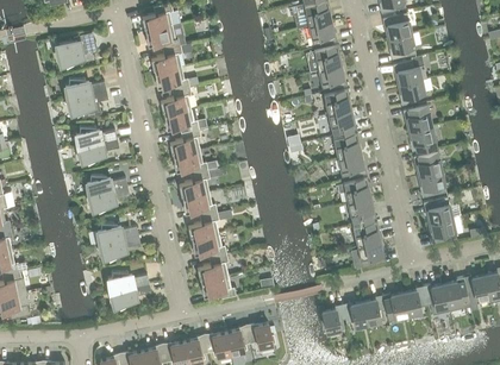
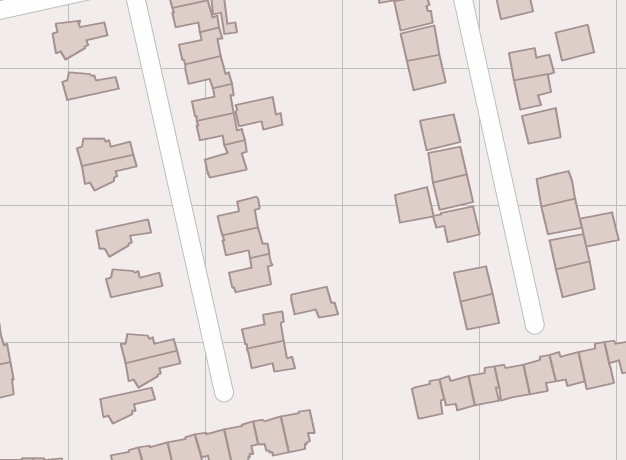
building: [387,33,415,59] -> [555,25,594,60]
building: [323,88,352,114] -> none
building: [68,90,108,118] -> none
building: [407,126,436,151] -> [580,212,619,246]
building: [173,150,207,174] -> [236,97,283,129]
building: [86,175,127,195] -> none
building: [348,197,376,224] -> [395,187,434,223]
building: [192,234,226,257] -> [291,287,338,317]
building: [100,235,140,262] -> [100,388,155,423]
building: [246,323,275,351] -> none

